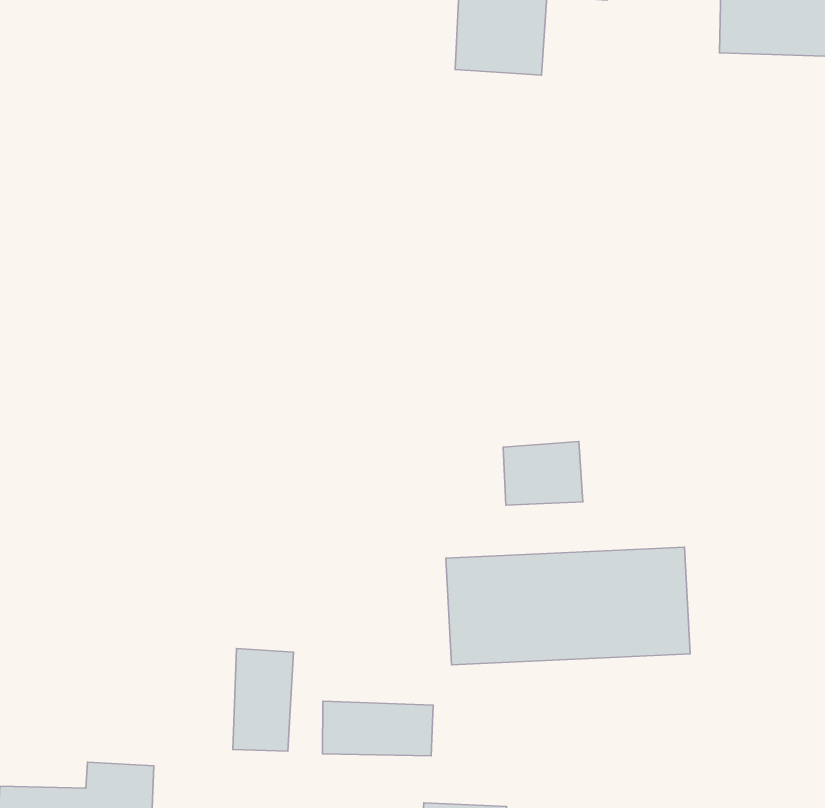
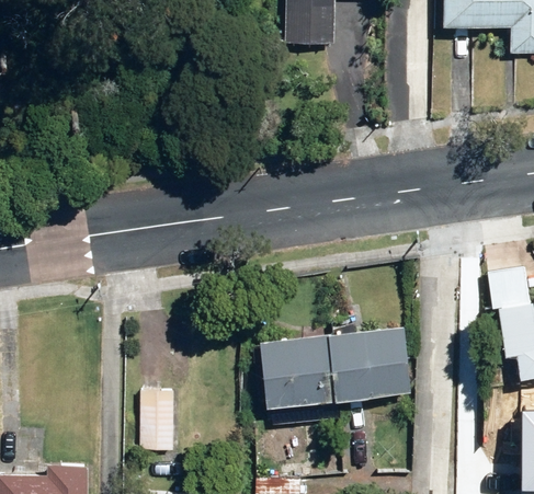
building: [503,442,583,505] -> none
building: [323,701,433,756] -> none

